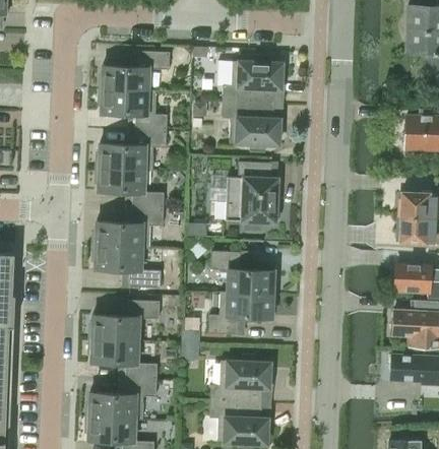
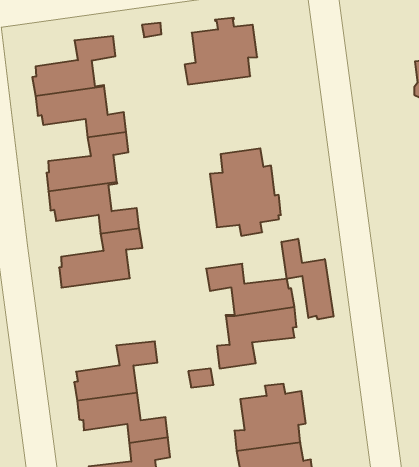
building: [221,103,279,153] -> none
building: none -> [282,239,333,319]
building: [92,247,161,288] -> none

